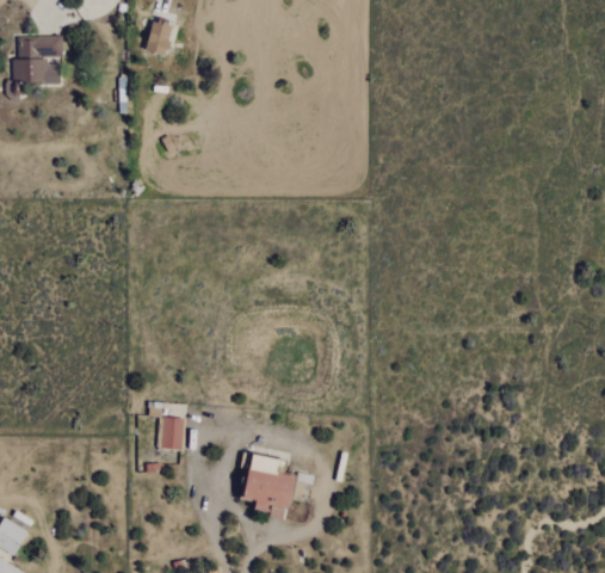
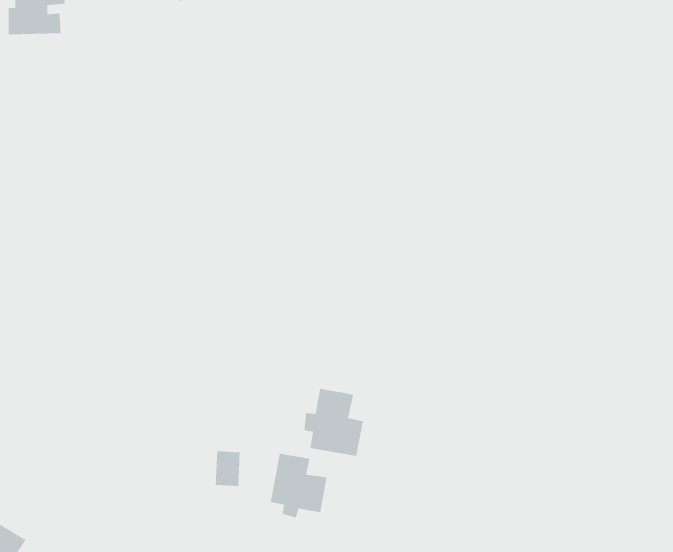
building: none -> [303,388,364,457]
building: [160,417,183,449] -> [215,451,241,487]

